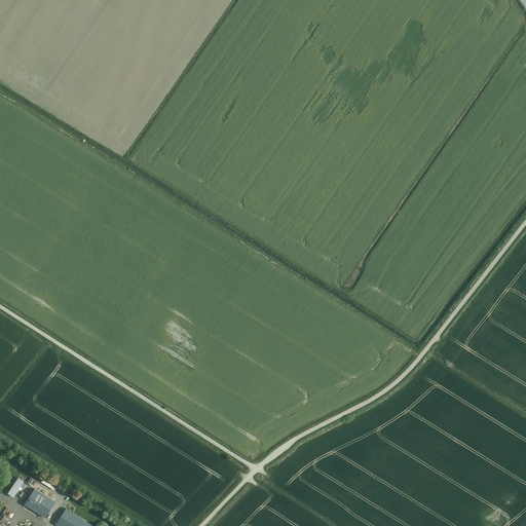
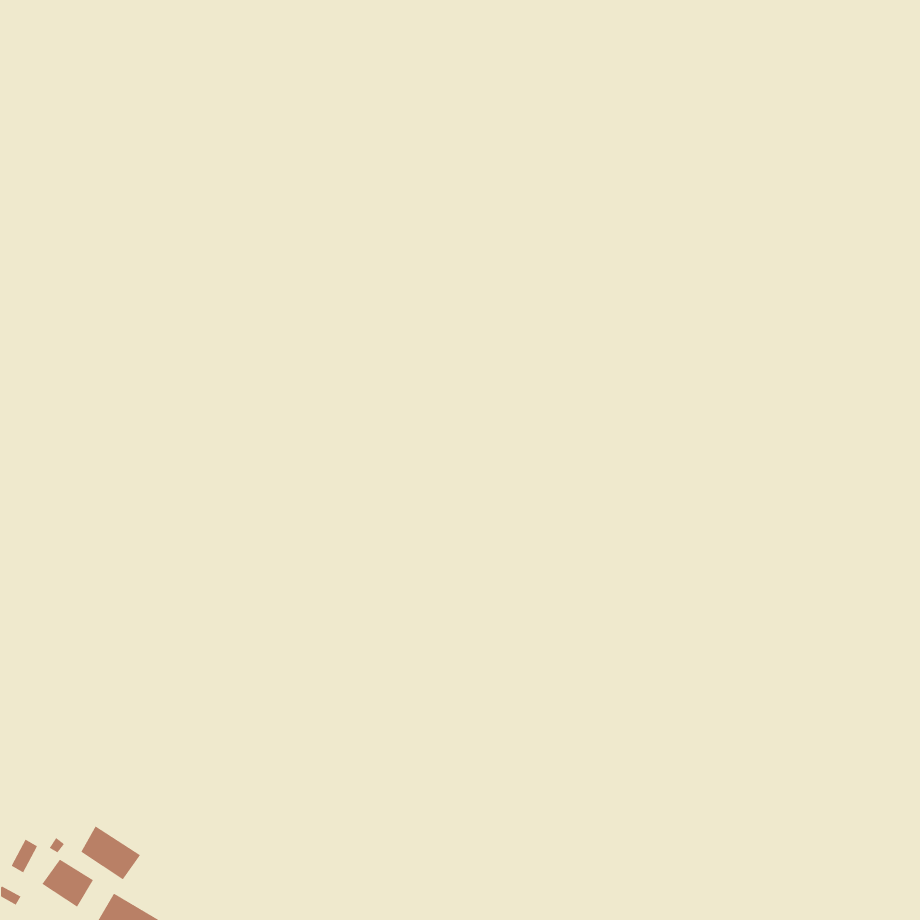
building: none -> [80,825,141,880]

